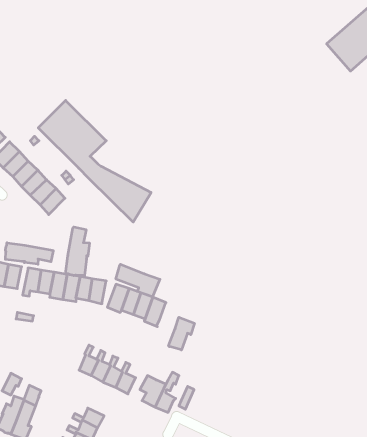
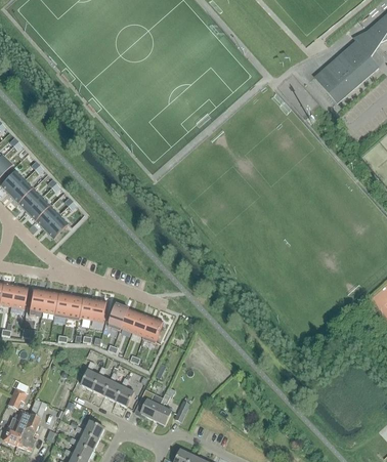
building: [38,100,151,222] -> none
building: [65,227,89,276] -> none
building: [5,243,53,264] -> none
building: [116,264,160,297] -> none
building: [169,317,194,350] -> none

